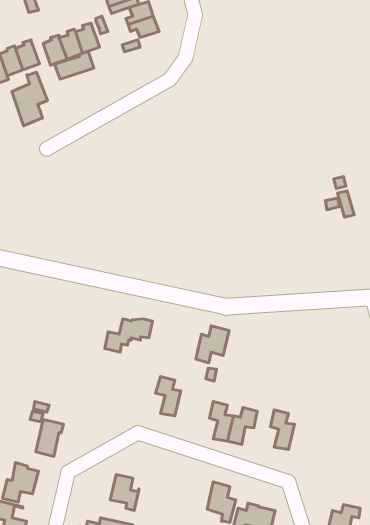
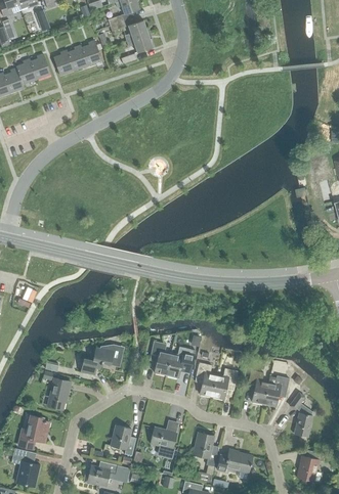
building: [54,51,94,79] -> none
building: [12,72,48,126] -> none
building: [105,319,153,352] -> [80,347,121,375]
building: [196,326,229,363] -> [166,347,195,378]
building: none -> [263,376,289,407]
building: none -> [289,393,312,437]
building: none -> [151,423,178,458]

